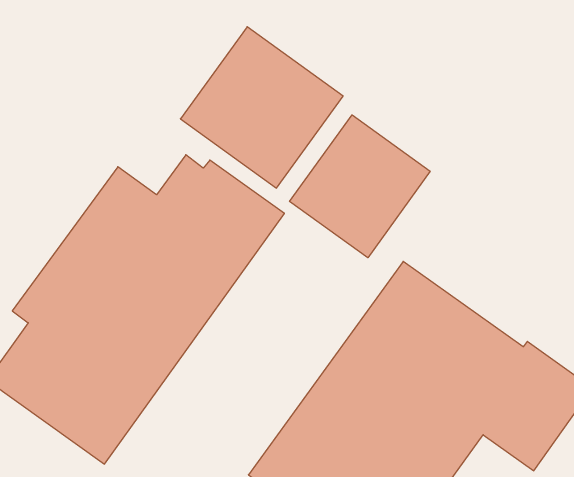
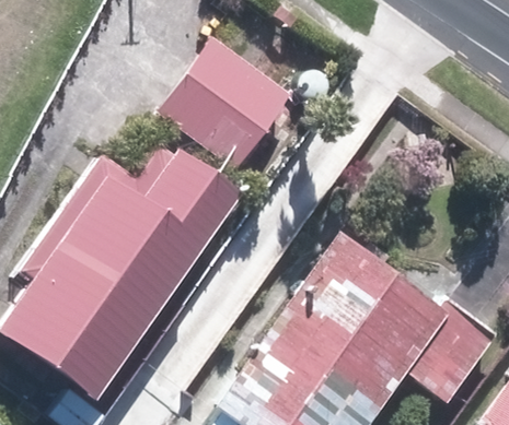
building: [290,115,430,258] -> none

